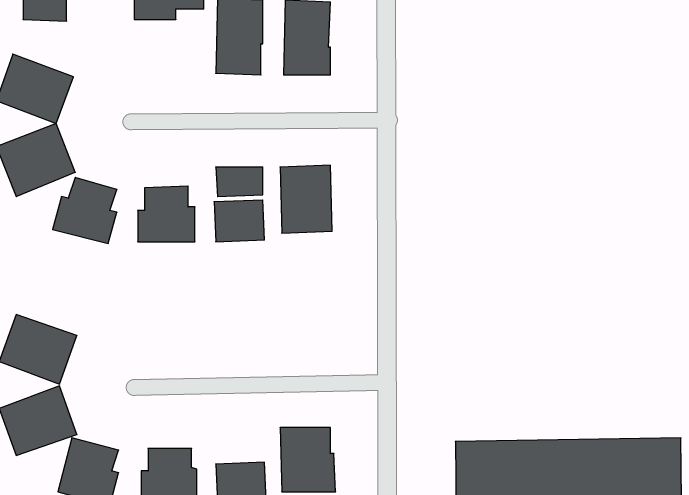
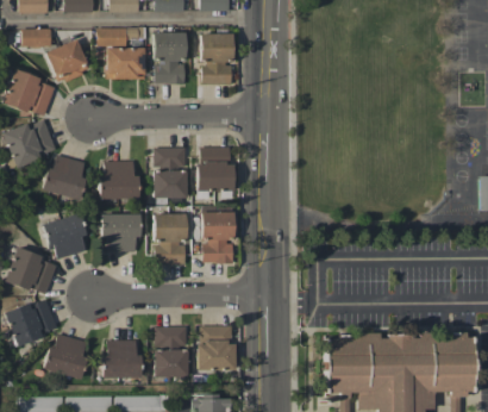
building: none -> [45,39,90,83]
building: none -> [106,48,145,80]
building: none -> [201,212,234,264]
building: none -> [101,214,140,252]
building: none -> [154,214,186,264]
building: none -> [44,216,88,258]
building: none -> [155,326,187,349]

